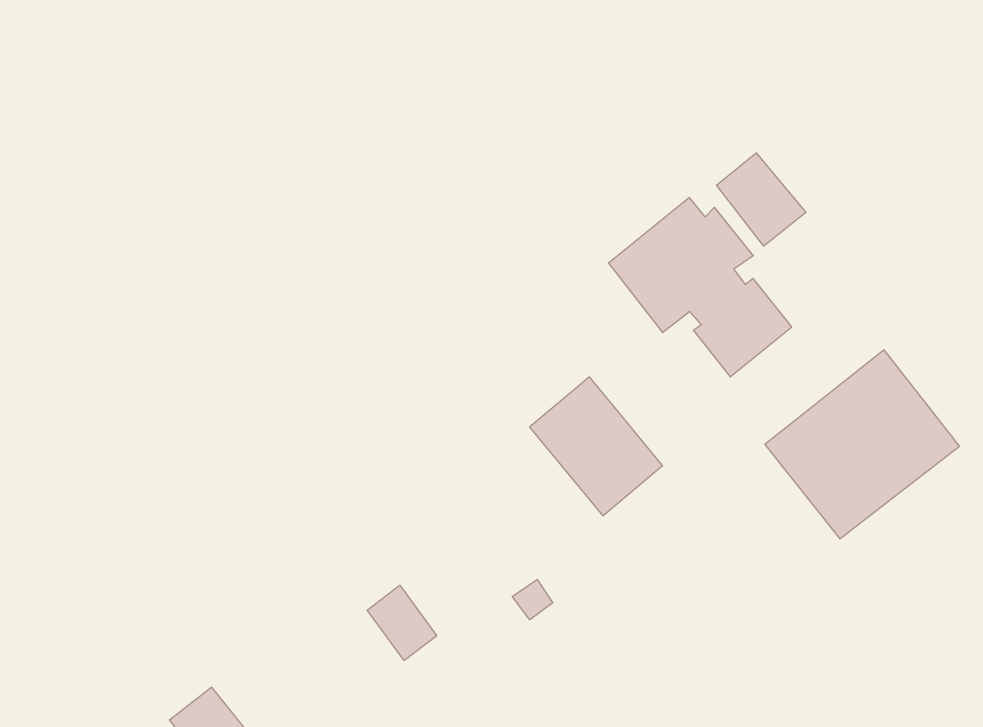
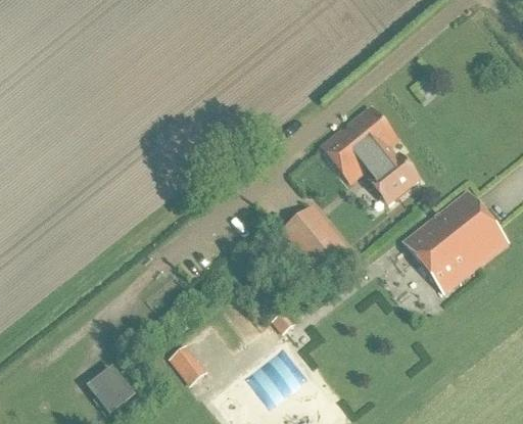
building: [717,153,806,246] -> none
building: [367,585,437,660] -> [171,345,207,385]

